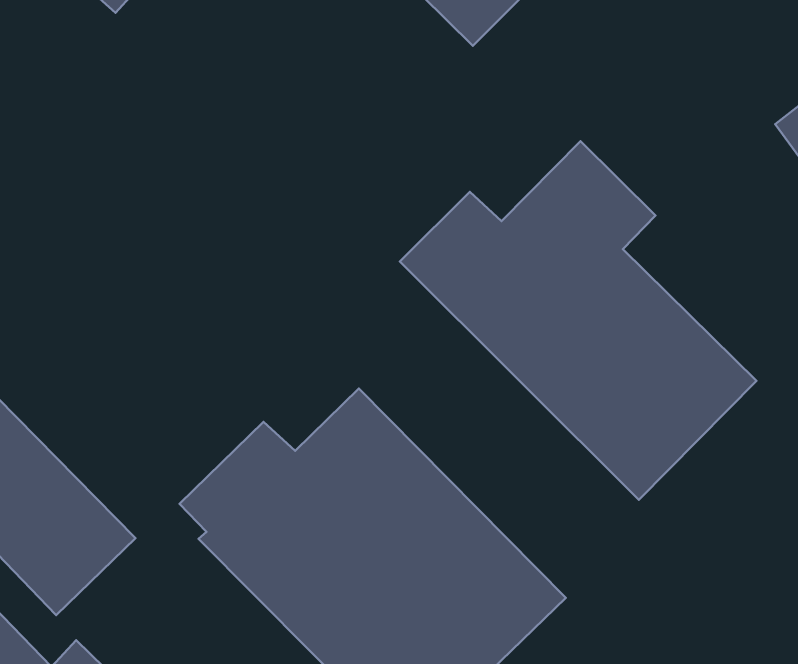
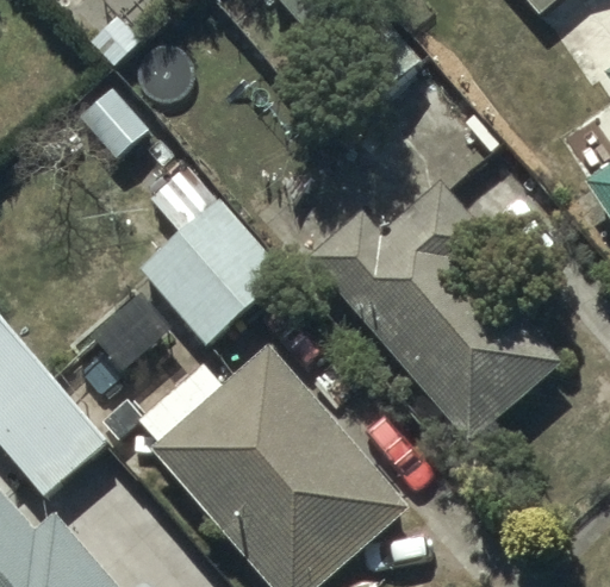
building: none -> [141,161,287,344]

